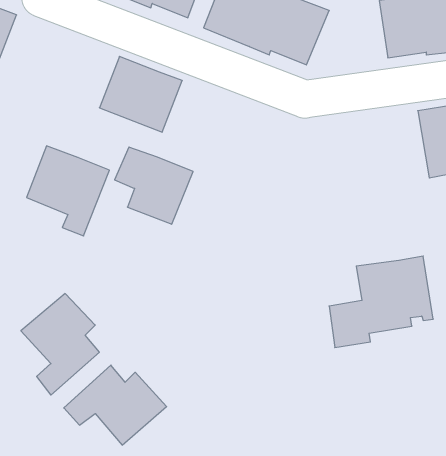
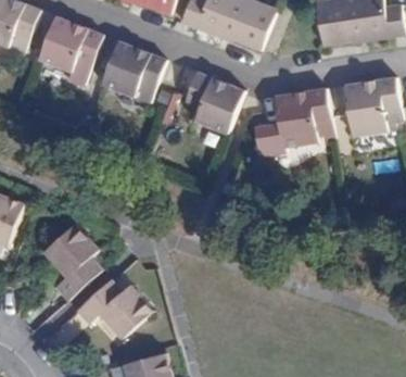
building: [27,146,109,236] -> [39,18,102,87]
building: [115,147,193,224] -> [185,74,244,133]
building: [329,256,433,348] -> [254,88,333,158]

